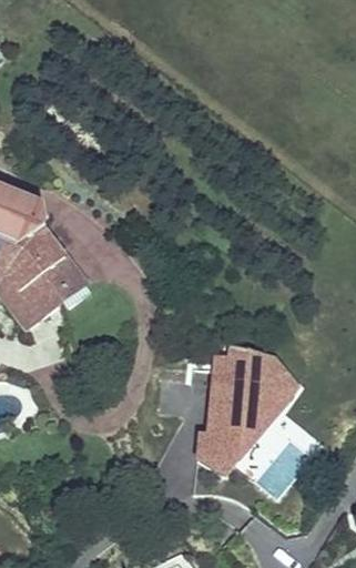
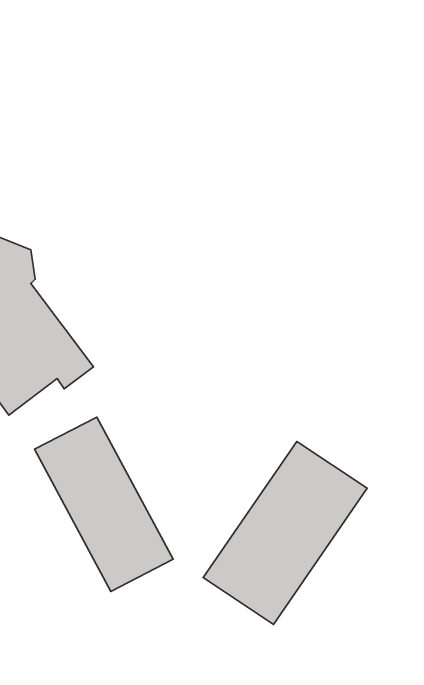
building: none -> [34,417,173,592]

